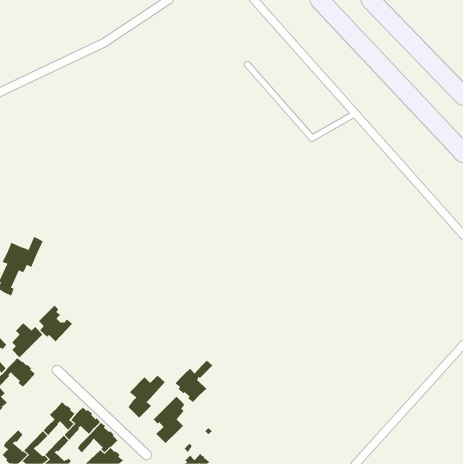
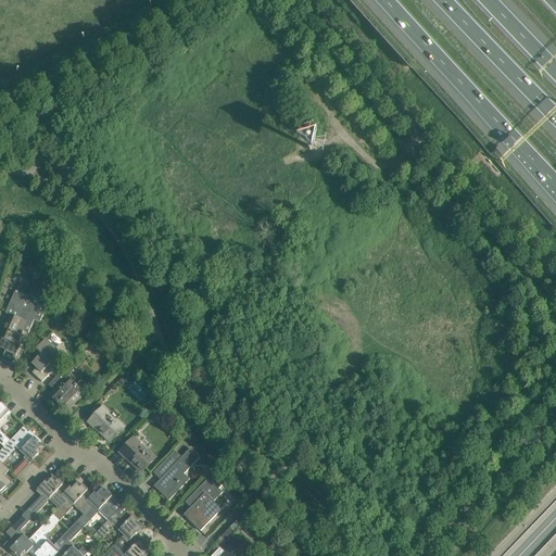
building: [11,323,43,358] -> [29,339,67,381]
building: none -> [85,406,123,442]
building: [175,360,213,403] -> none
building: none -> [116,435,154,471]
building: none -> [26,473,65,515]

